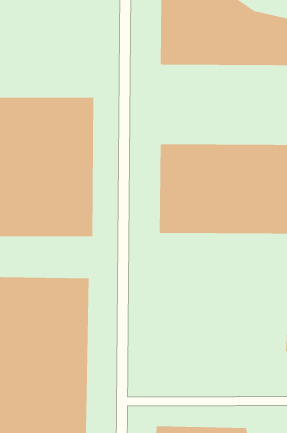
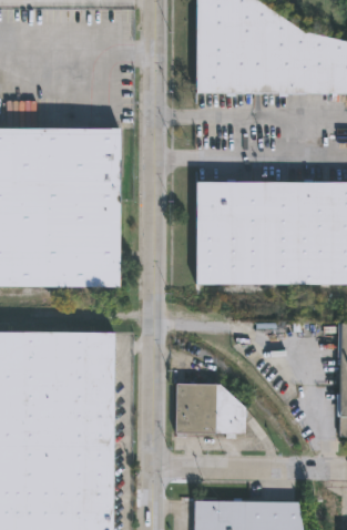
building: none -> [176,385,246,439]

